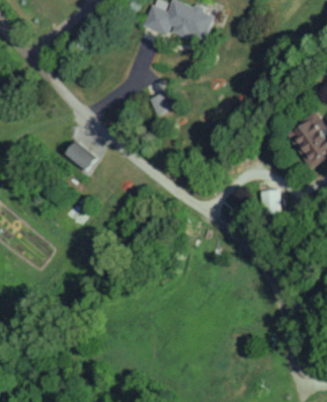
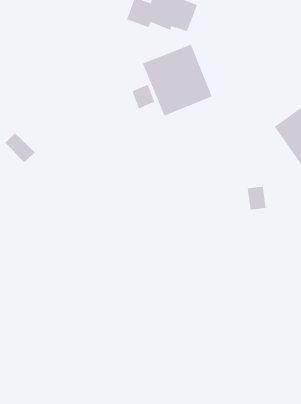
building: none -> [142,44,212,117]
building: [64,142,94,171] -> [5,133,36,163]

